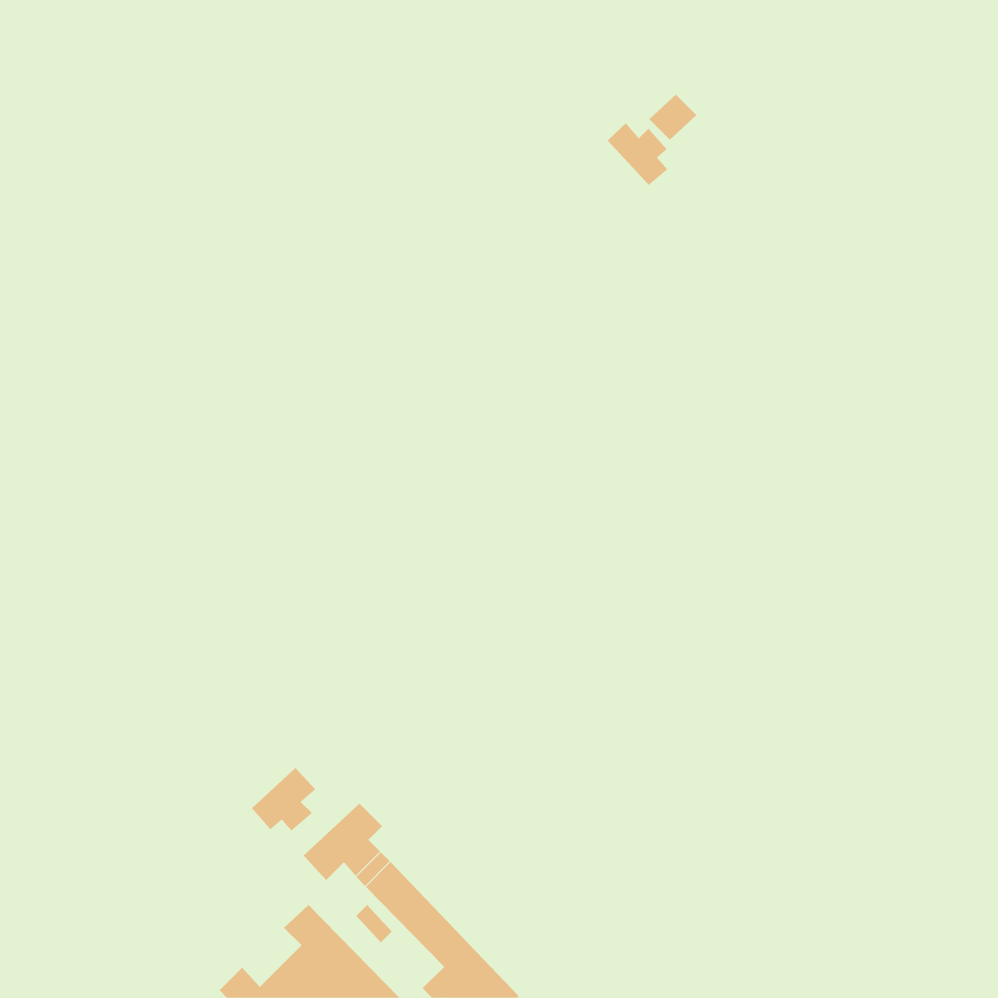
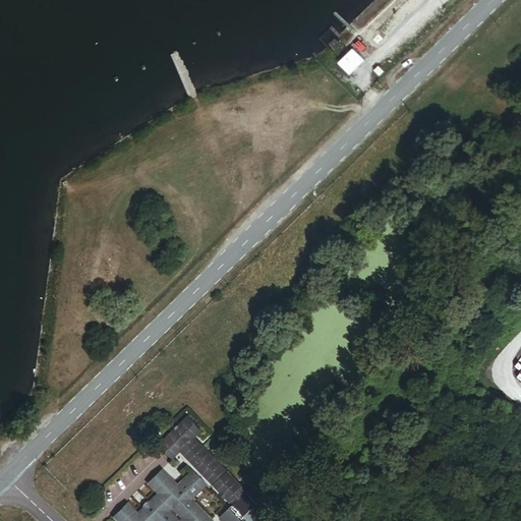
building: [607,122,668,186] -> none
building: [251,767,316,831] -> none

